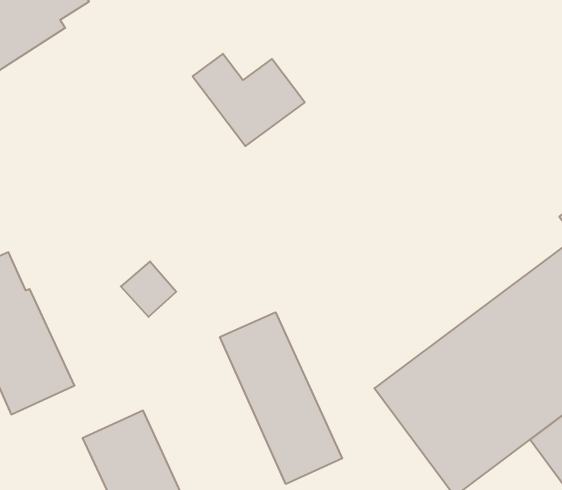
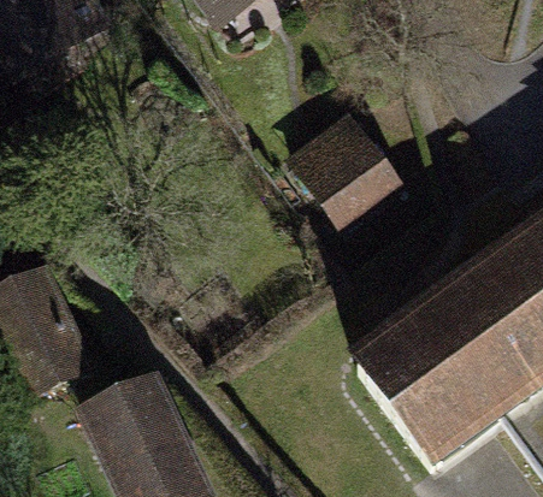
building: [193,54,305,146] -> [297,135,400,219]
building: [220,312,342,484] -> none

